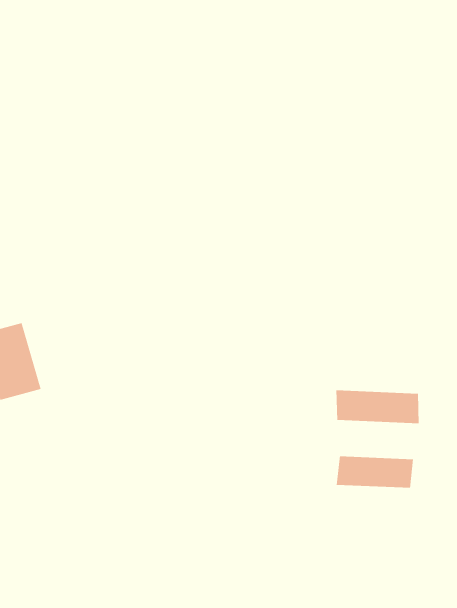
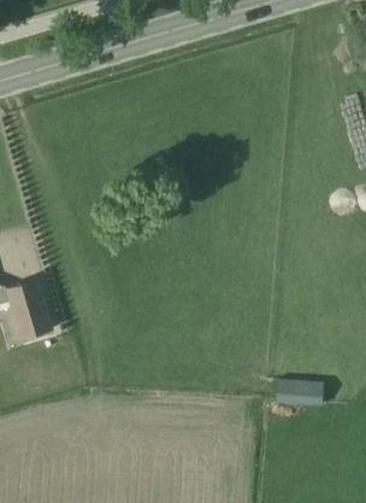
building: [336,389,419,424] -> none

